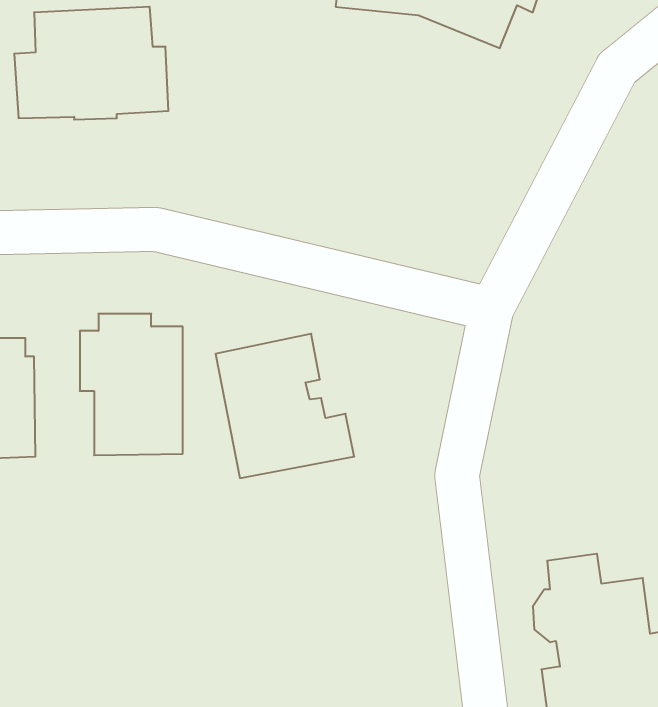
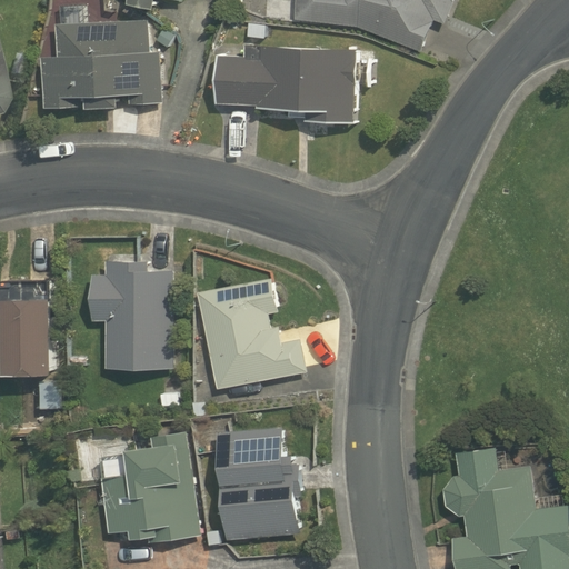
building: none -> [216,43,357,123]
building: none -> [218,425,300,538]
building: none -> [100,430,200,541]

